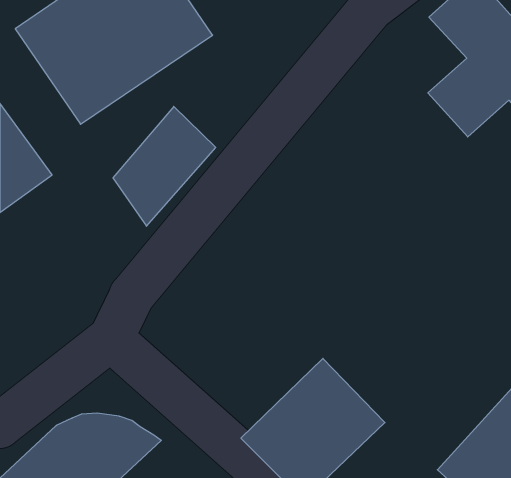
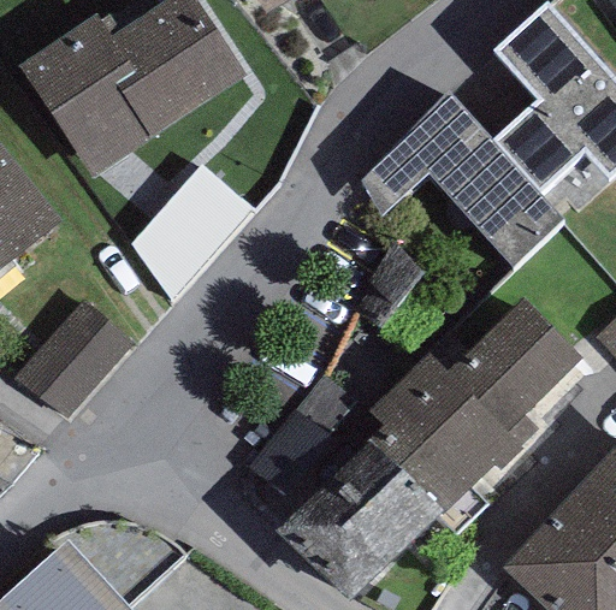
building: none -> [360,93,565,267]
building: none -> [18,296,130,413]
building: none -> [359,298,581,515]

